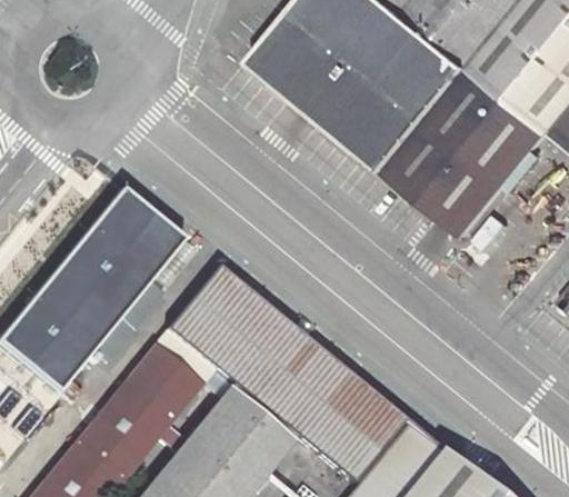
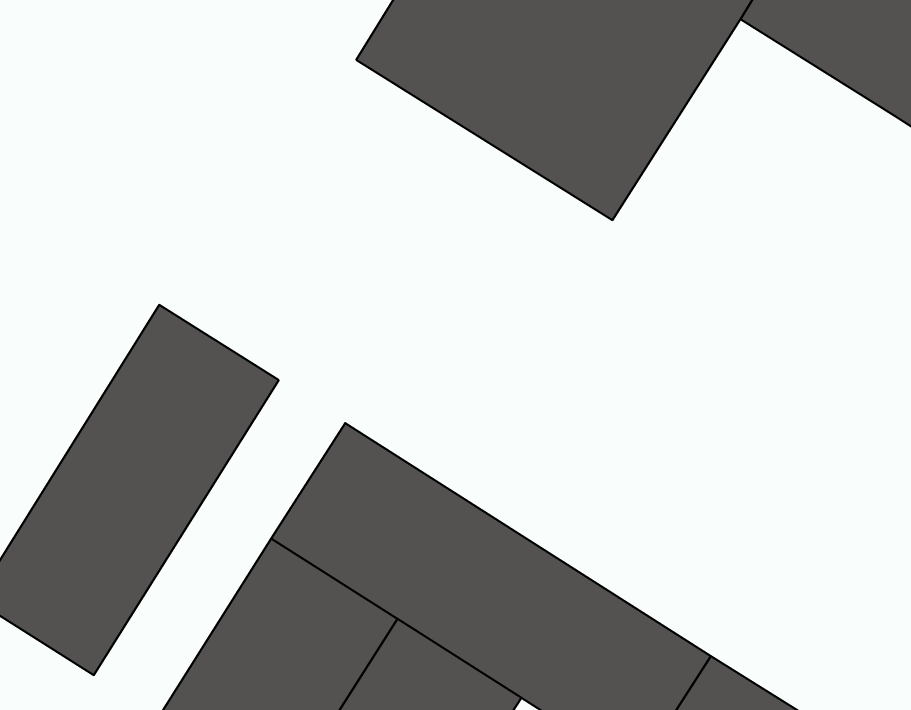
building: [383,70,550,240] -> none

